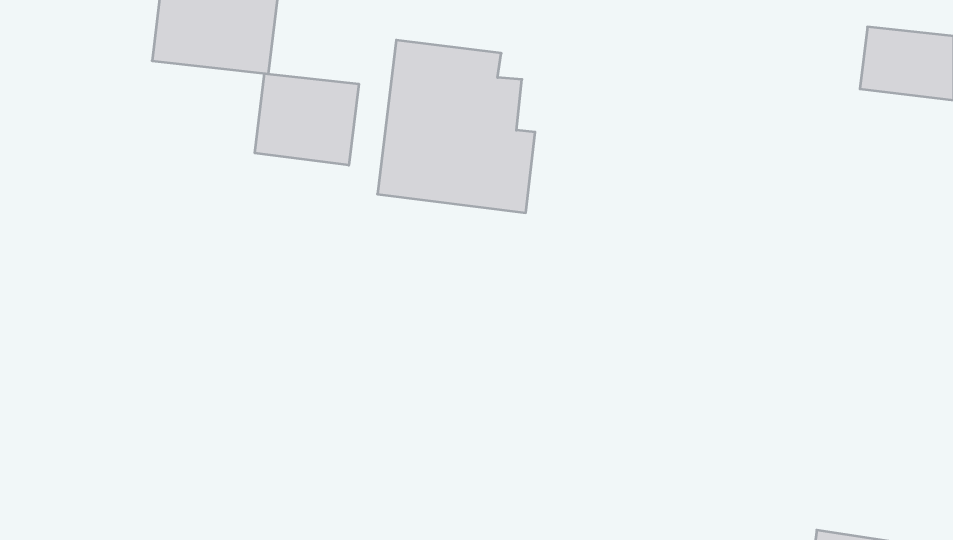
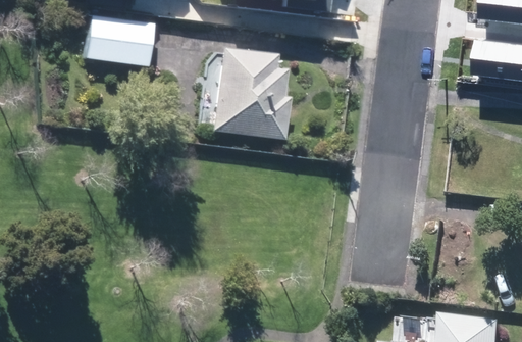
building: [255,74,359,165] -> none

